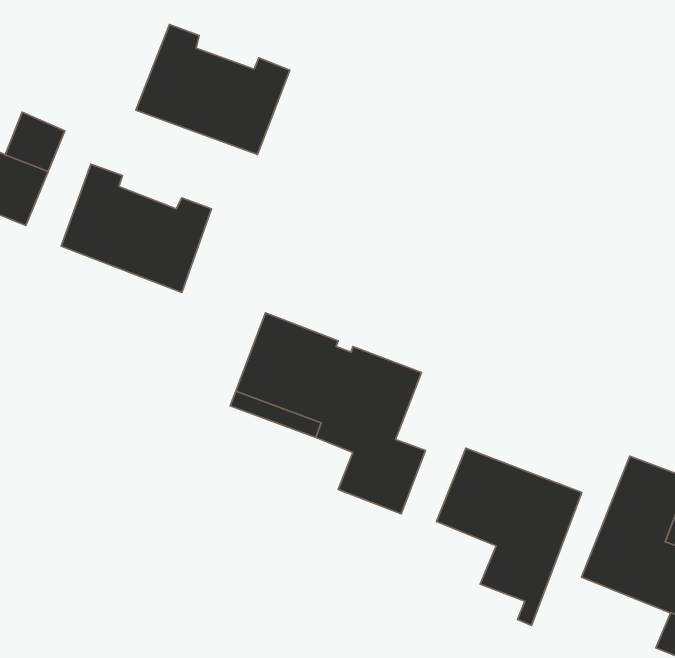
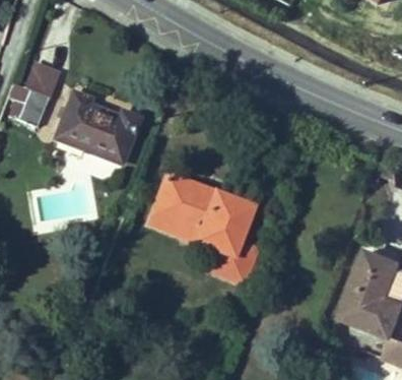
building: [136,25,290,155] -> none
building: [436,448,582,625] -> none

